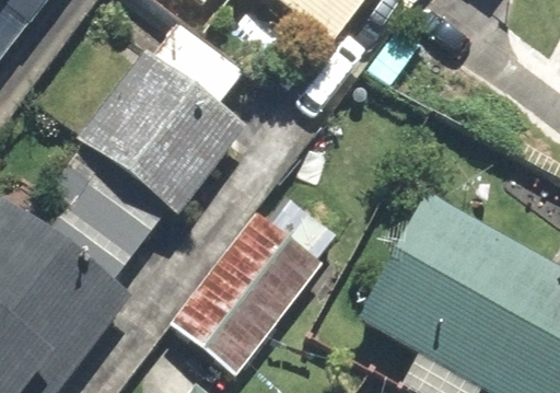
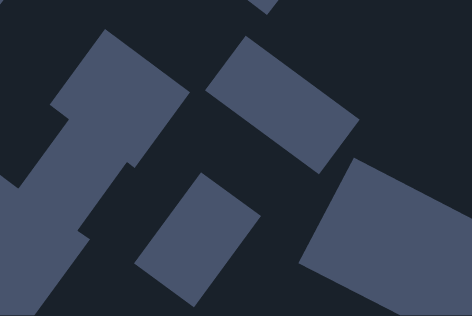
building: none -> [204,34,361,176]

